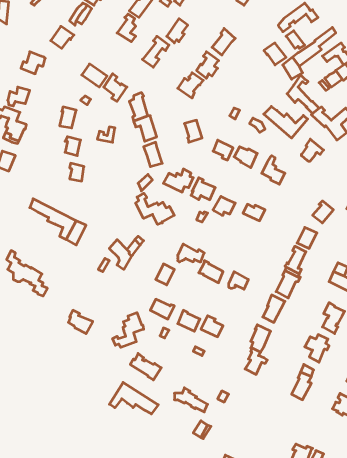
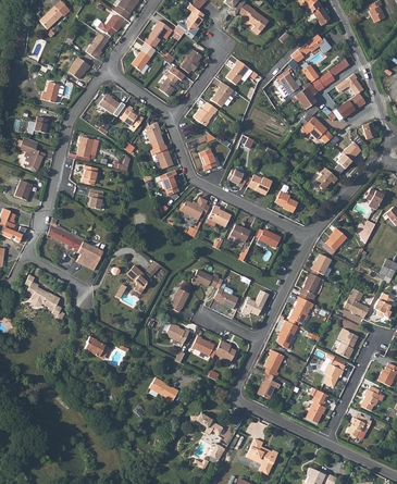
building: [264,106,308,138] -> none
building: [136,193,174,224] -> none
building: [113,313,144,347] -> none
building: [109,382,158,414] -> none
building: none -> [246,437,277,473]

